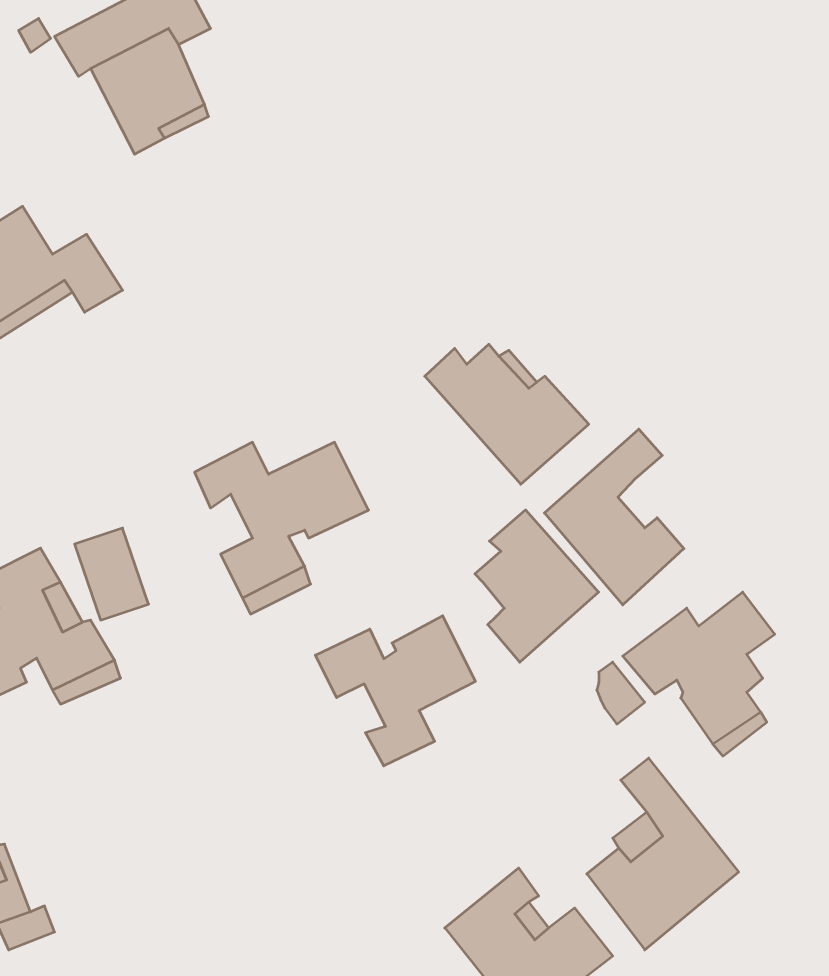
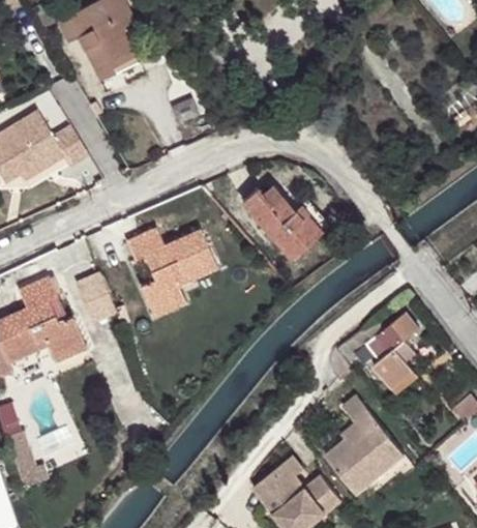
building: [544,429,684,605] -> none
building: [475,510,599,662] -> none
building: [315,616,475,766] -> none

